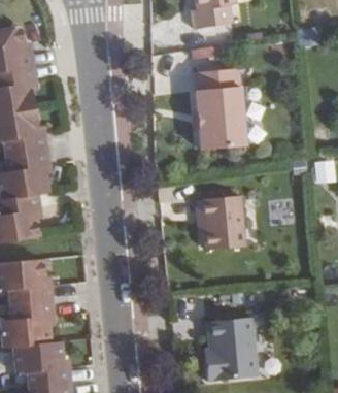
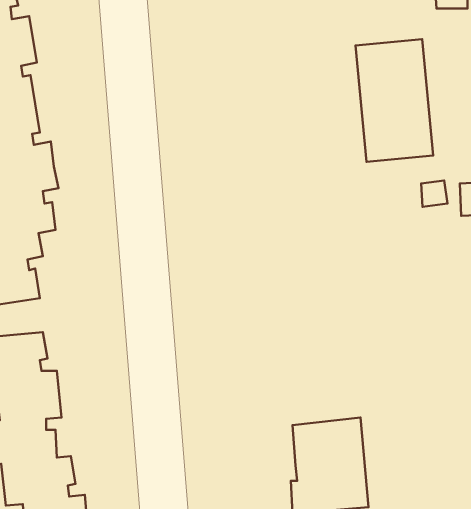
building: [193,68,244,150] -> [356,39,433,162]
building: [196,196,245,251] -> none

